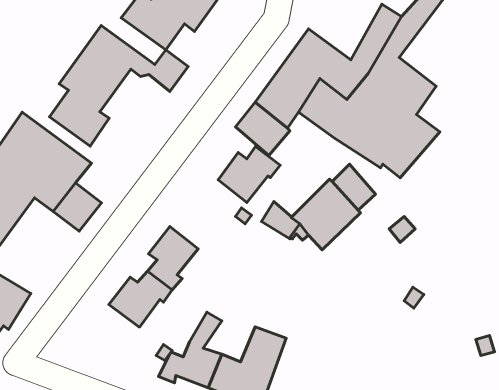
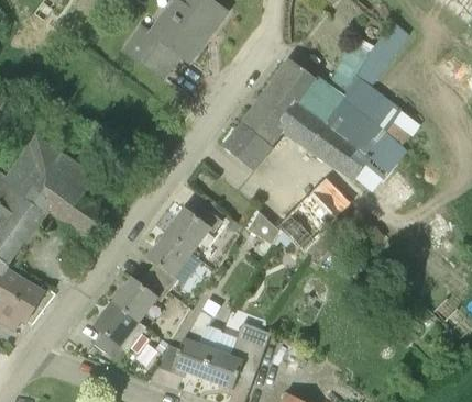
building: [49,25,188,146] -> none
building: [218,146,280,202] -> [166,203,221,253]
building: none -> [92,302,145,359]

